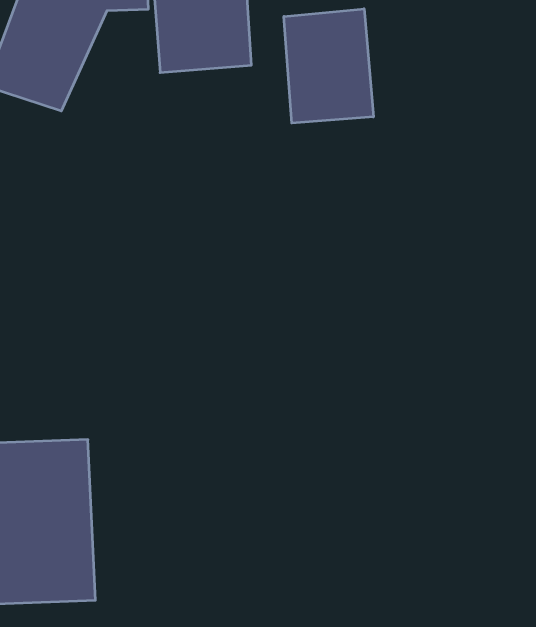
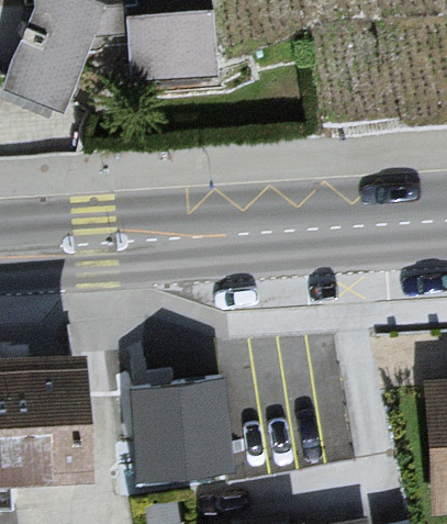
building: [284,9,373,123] -> none
building: none -> [128,386,234,486]

